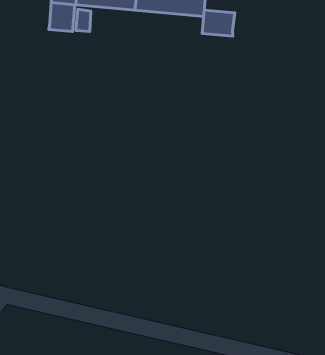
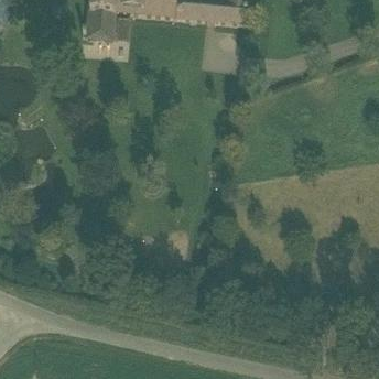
building: [202,10,235,36] -> none

